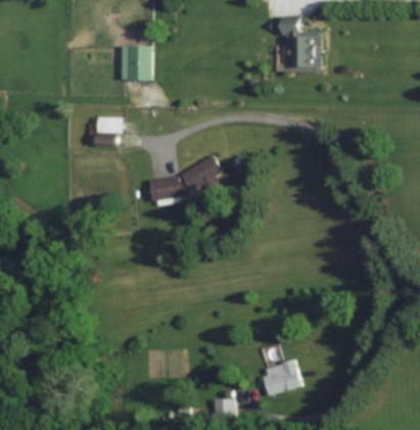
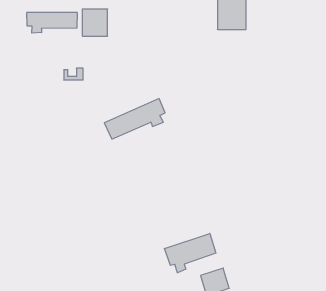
building: none -> [27,12,77,33]
building: none -> [164,233,216,273]

